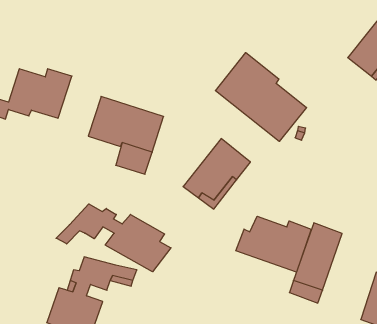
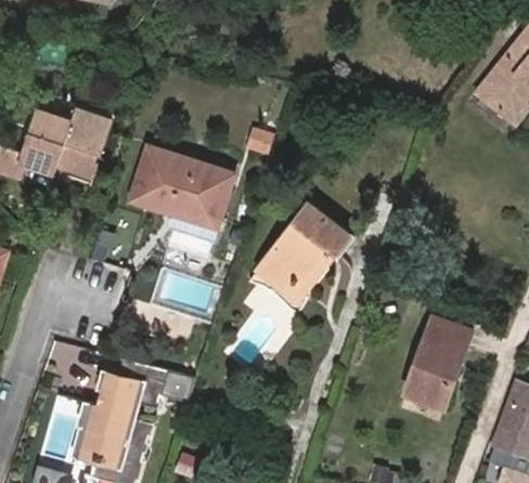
building: [215,53,307,141] -> none
building: [56,204,171,272] -> none
building: [236,216,311,272] -> none

